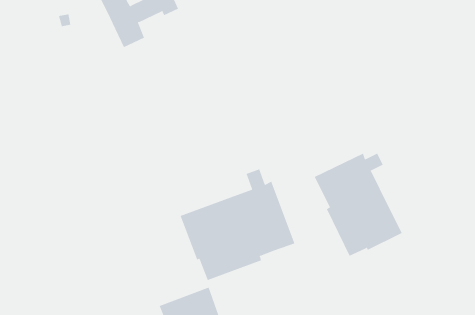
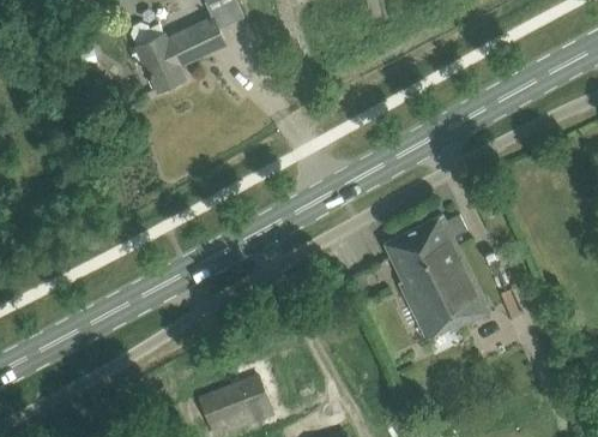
building: [180,169,295,281] -> none

